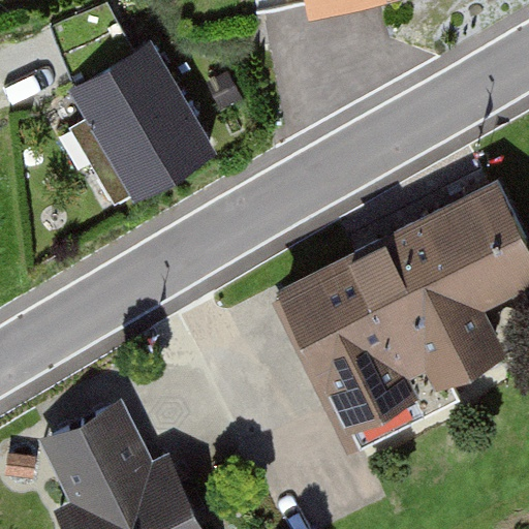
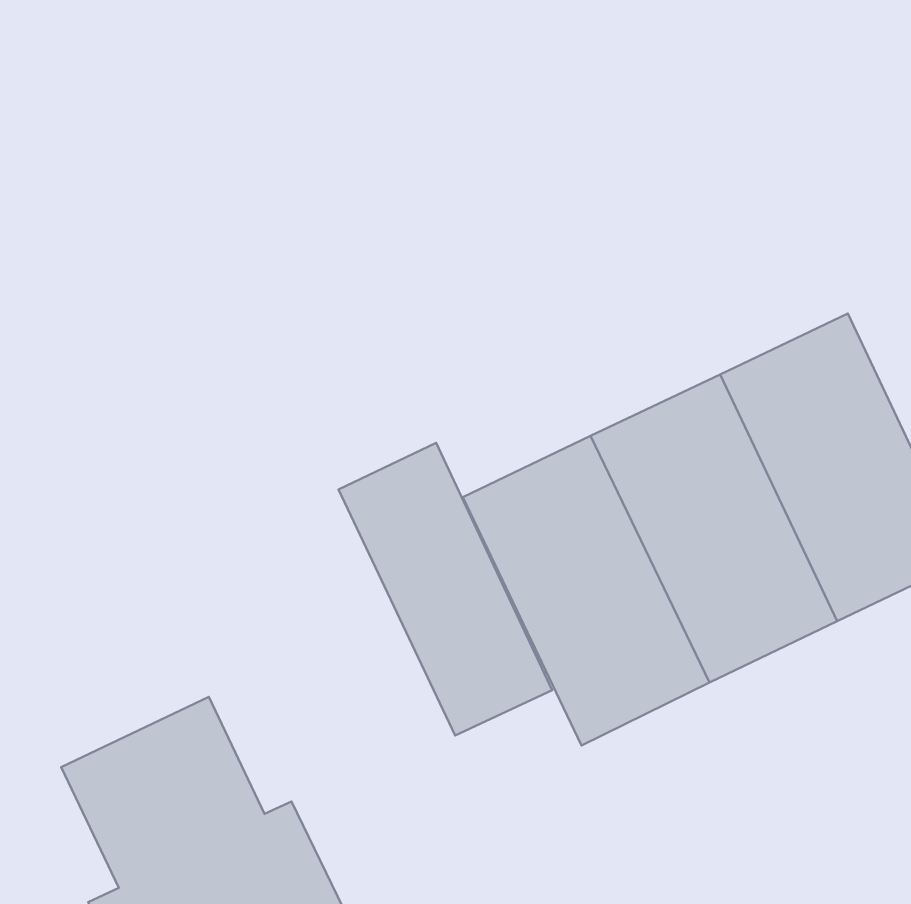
building: [70,39,220,201] -> none
building: none -> [339,443,552,736]

